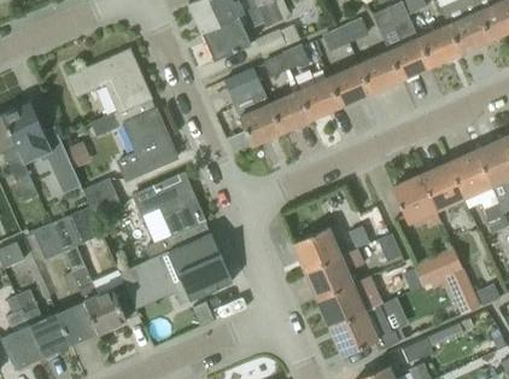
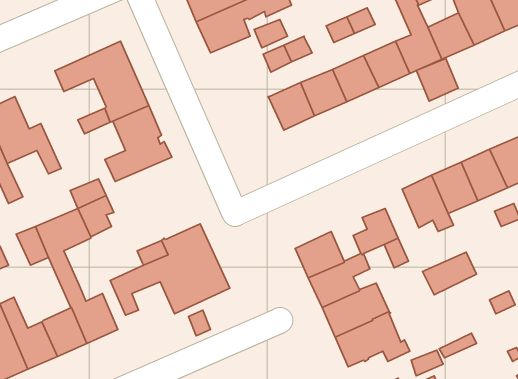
building: none -> [416,58,458,101]
building: [224,68,282,146] -> none
building: [131,174,204,235] -> none

